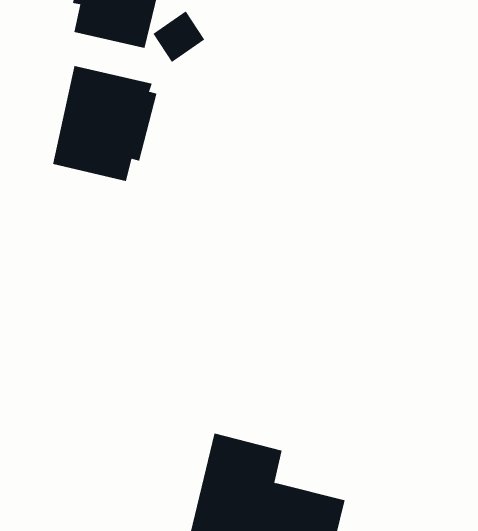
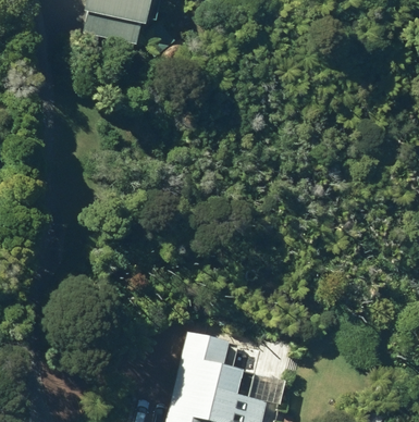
building: [52,65,157,182] -> none

